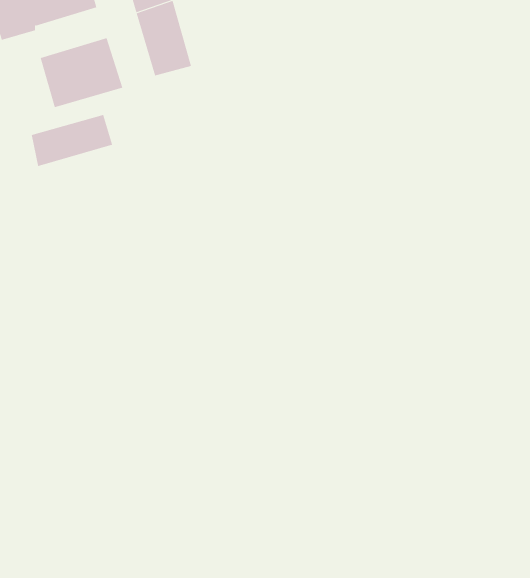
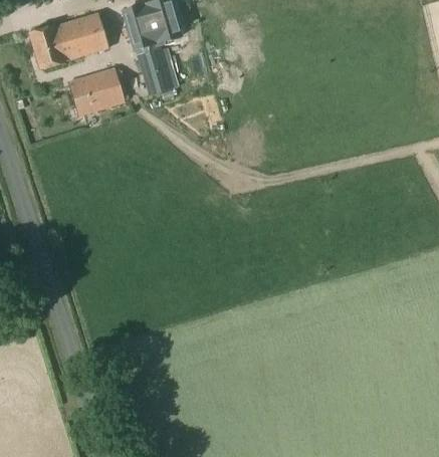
building: [31,114,113,167] -> none

